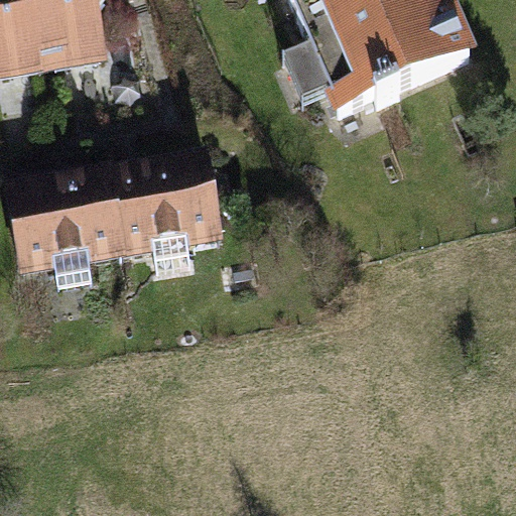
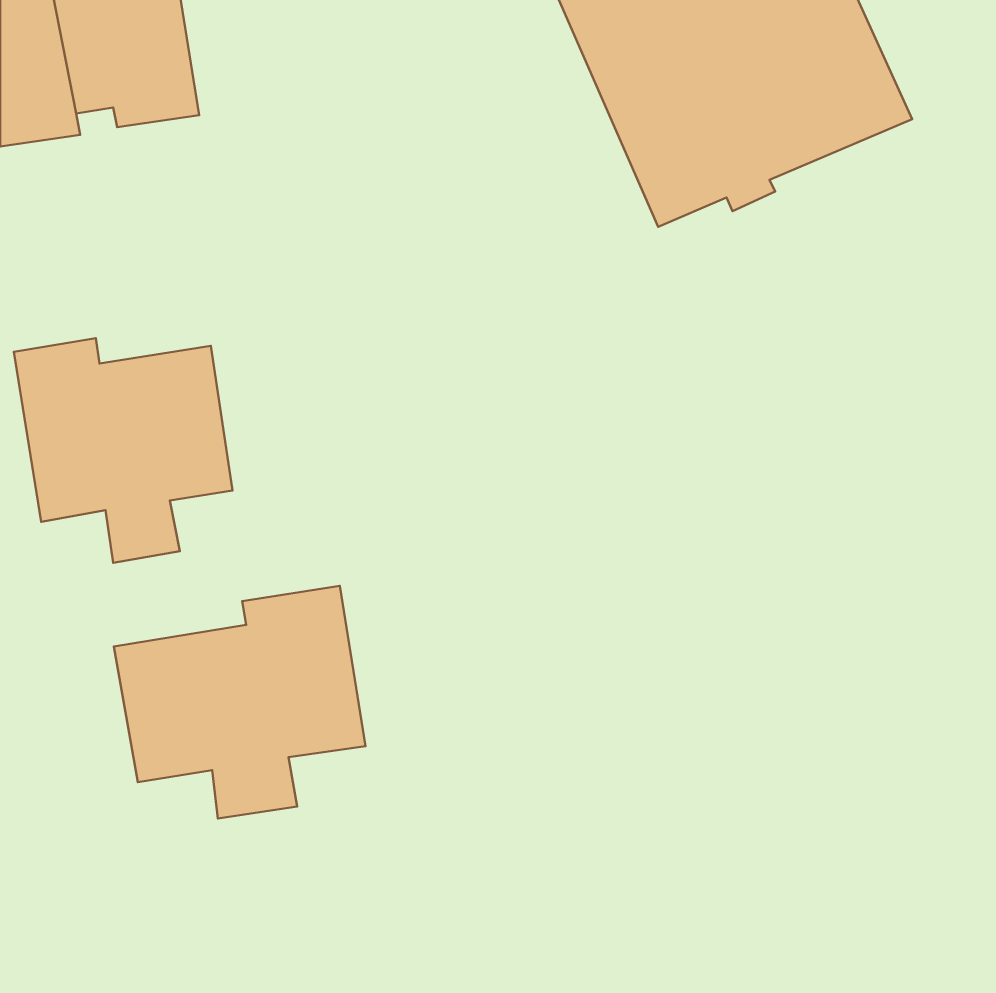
building: [110,162,220,274] -> none
building: none -> [114,586,365,818]

